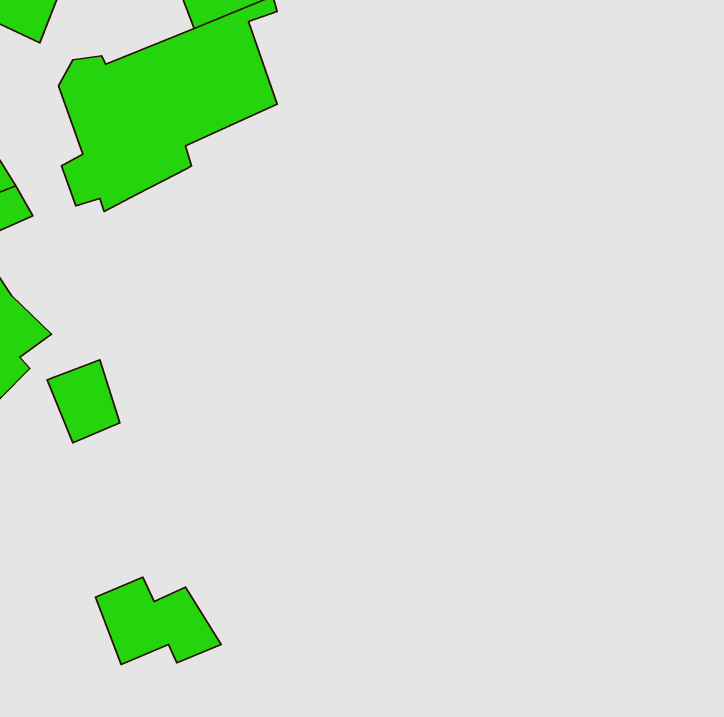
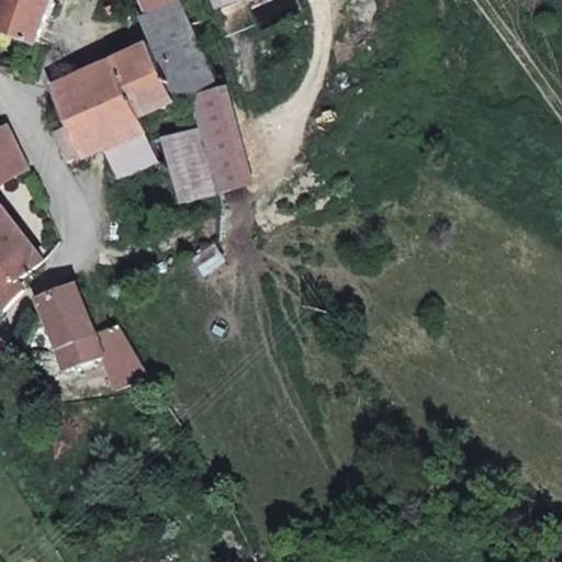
building: none -> [160,85,248,204]
building: none -> [105,130,159,181]
building: [96,577,221,664] -> [56,325,153,392]

